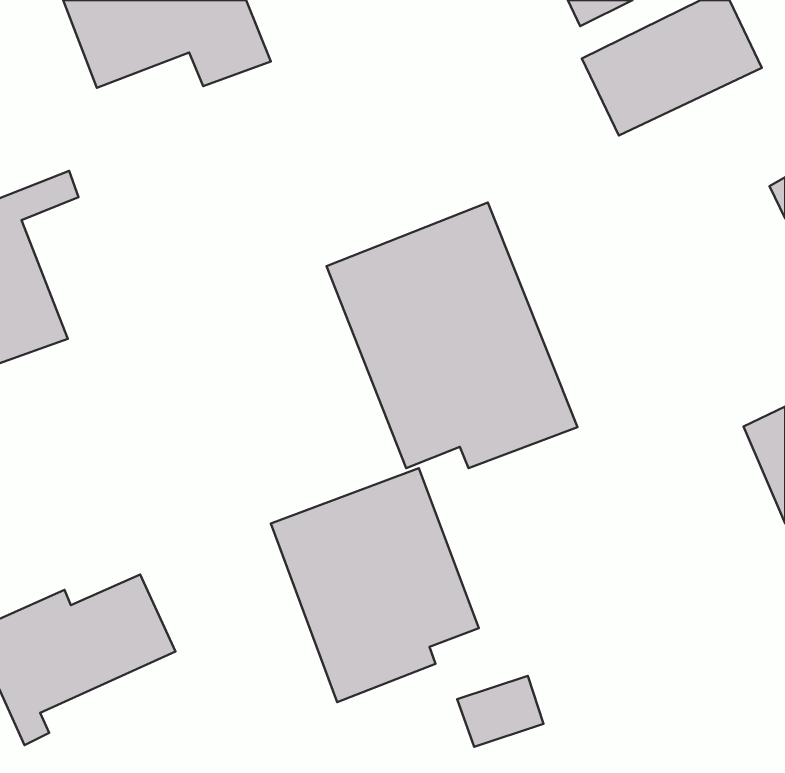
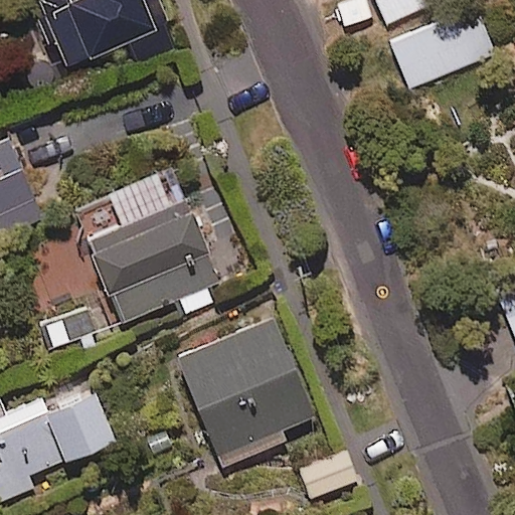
building: [327,202,577,468] -> none
building: none -> [69,163,222,324]

